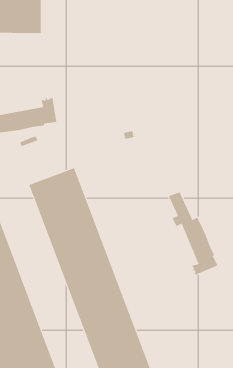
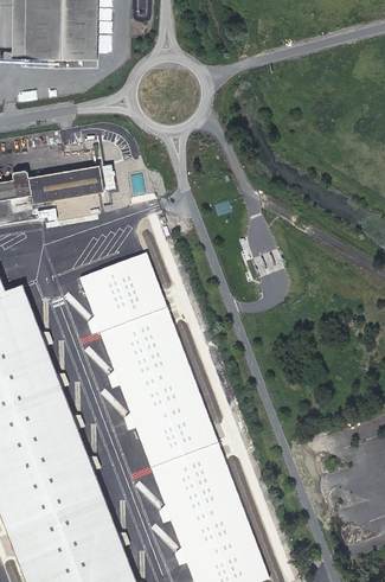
building: [168,191,218,276] -> none

